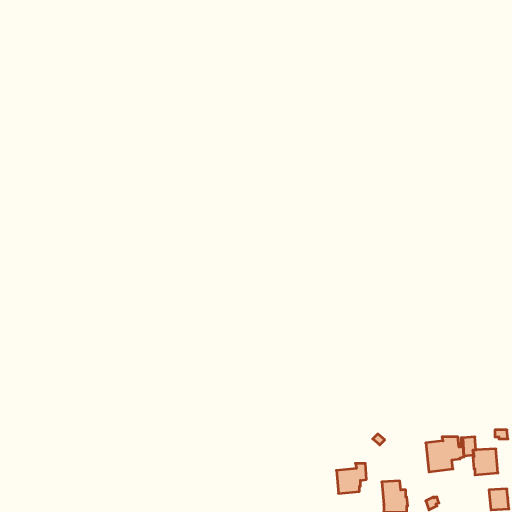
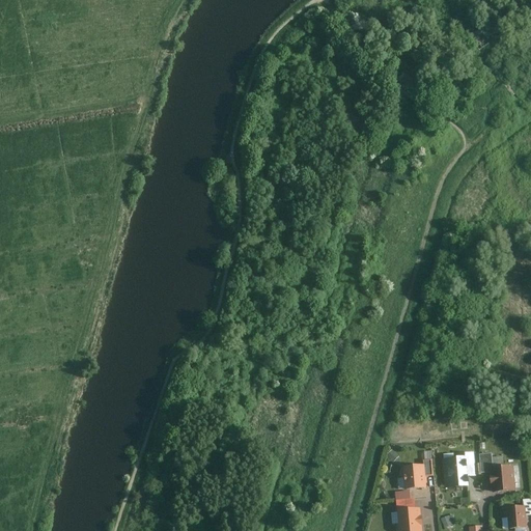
building: [336,463,366,493] -> [401,458,432,490]

